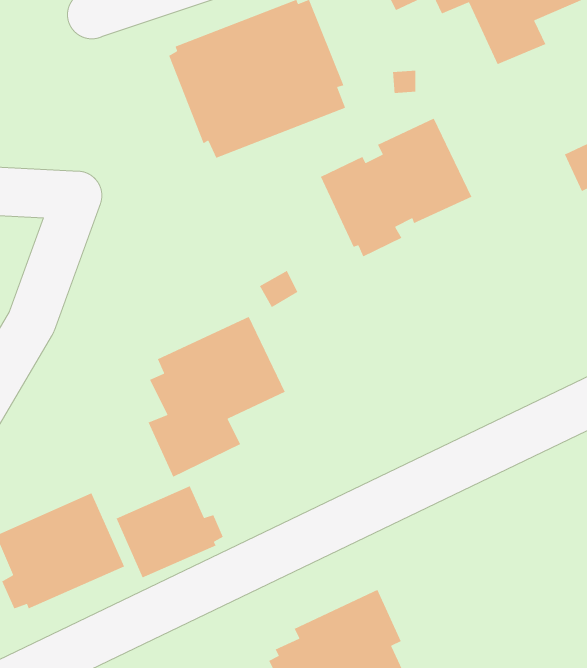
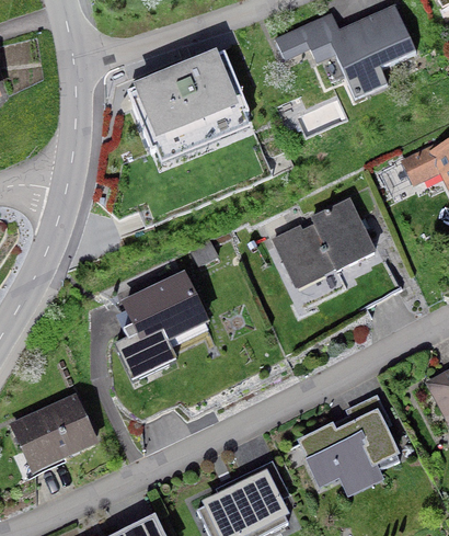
building: [320,118,472,257] -> [272,197,377,294]
building: [116,485,224,579] -> none
building: none -> [297,394,400,495]

